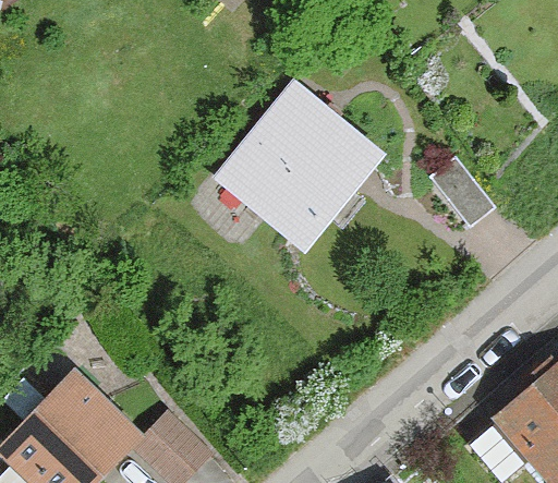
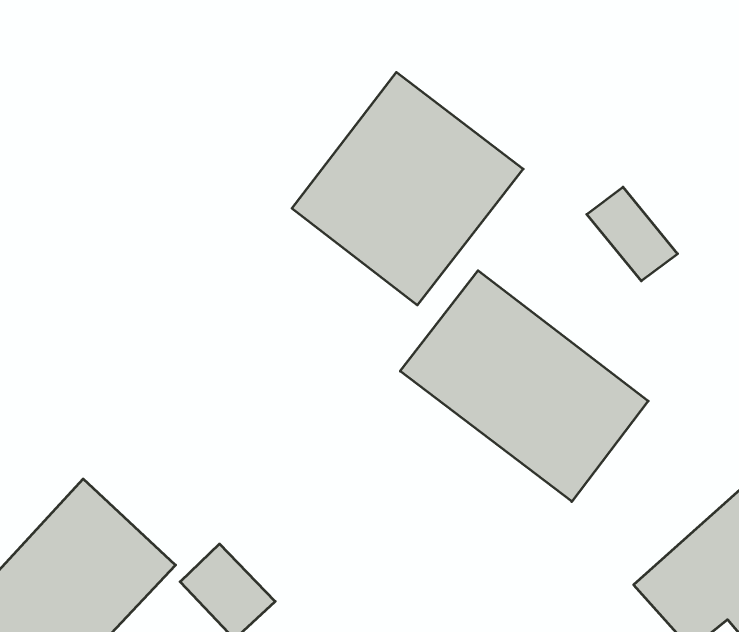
building: none -> [400,271,648,502]

